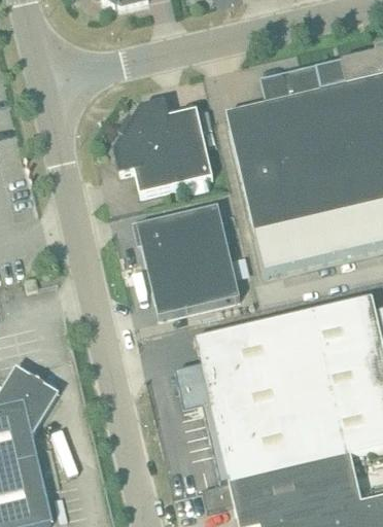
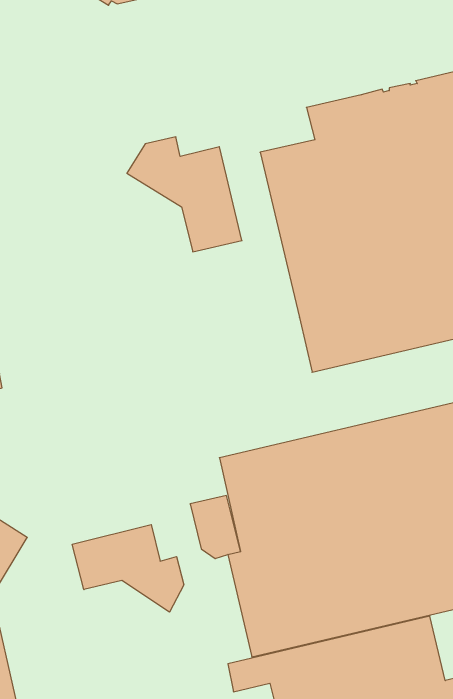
building: [115,128,177,194] -> none
building: [137,205,240,315] -> none
building: none -> [72,525,184,612]

